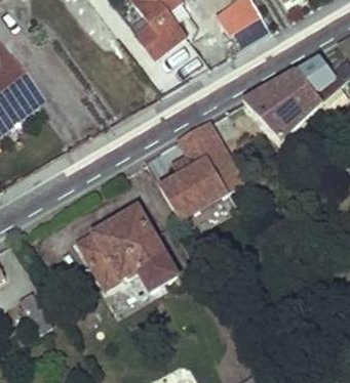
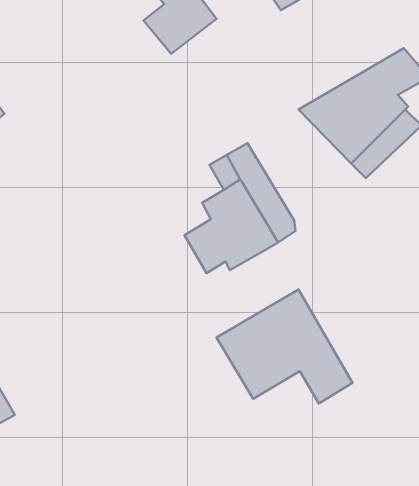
building: [80,208,176,288] -> [217,289,353,403]

